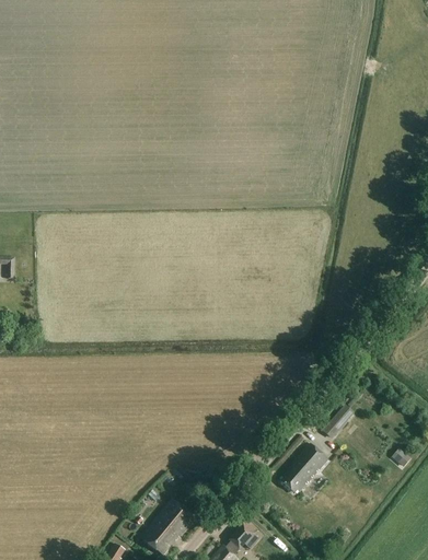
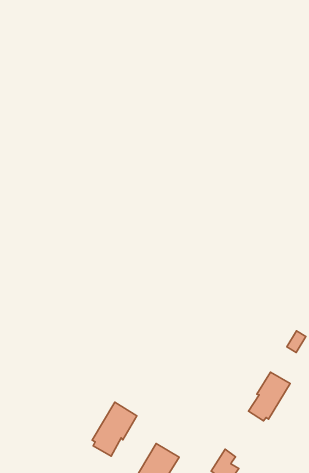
building: none -> [92,402,137,456]

